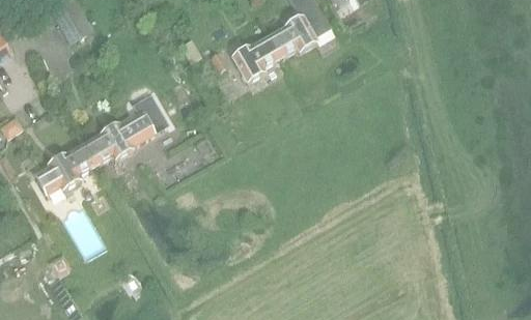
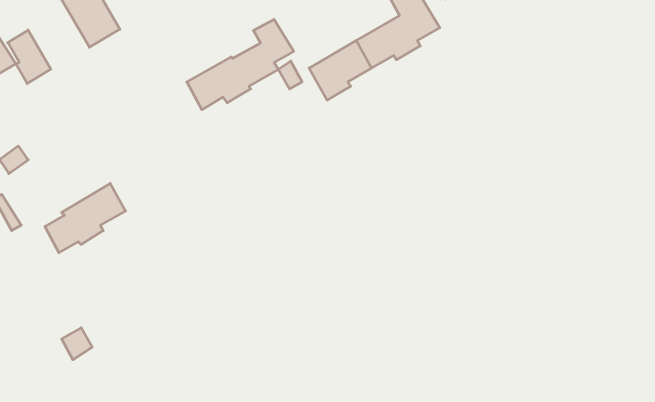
building: none -> [8,30,51,84]
building: [85,96,165,164] -> [187,20,294,110]

